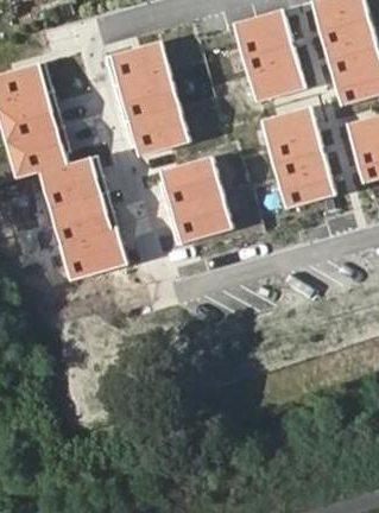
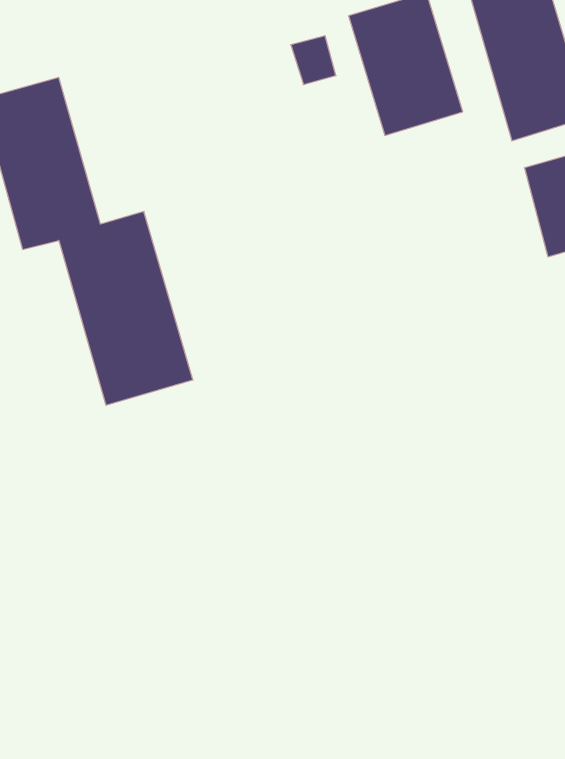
building: [109,42,189,159] -> none
building: [260,108,334,202] -> none
building: [160,154,233,242] -> none

